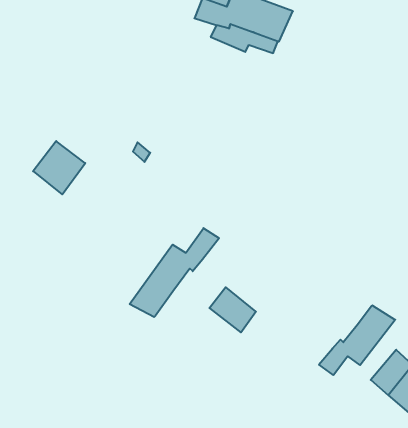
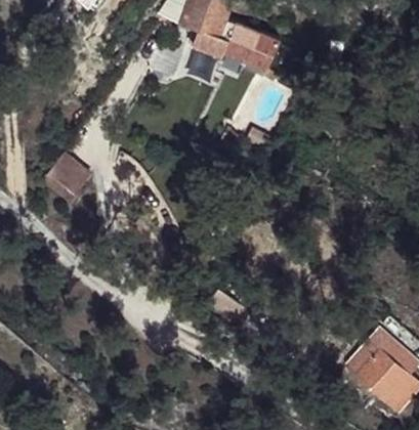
building: [130,228,219,317] -> none
building: [319,305,395,375] -> none

